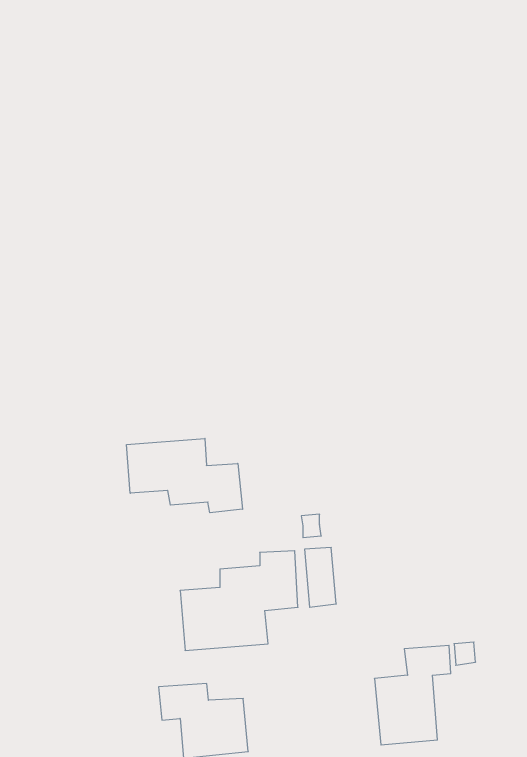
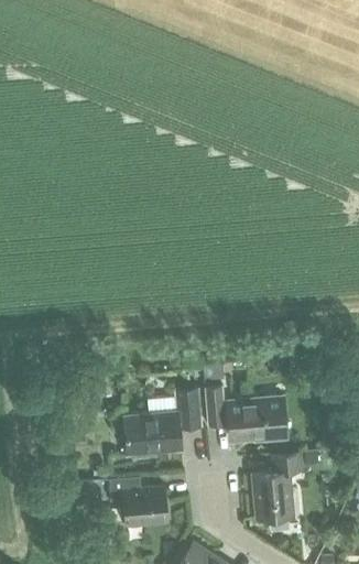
building: [127,438,243,513] -> none
building: none -> [228,399,286,440]

